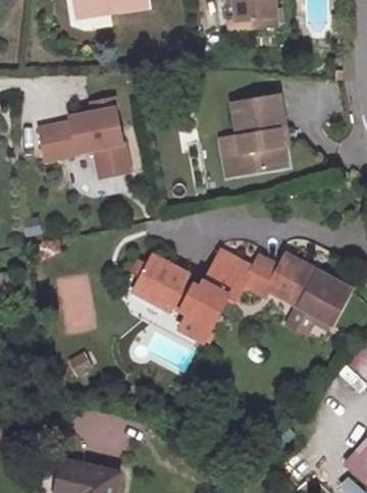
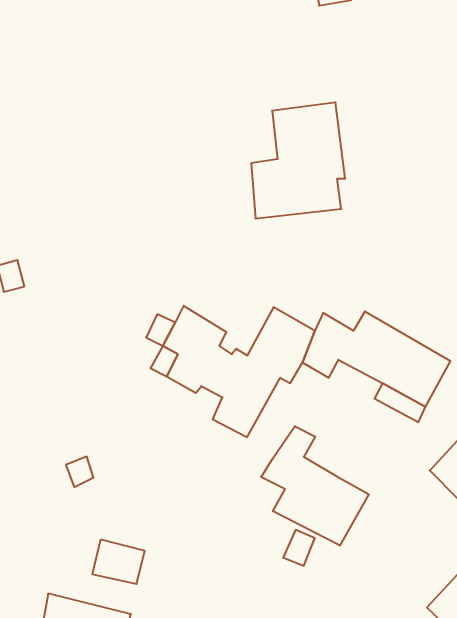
building: [34,99,123,178] -> none
building: none -> [261,426,369,546]

